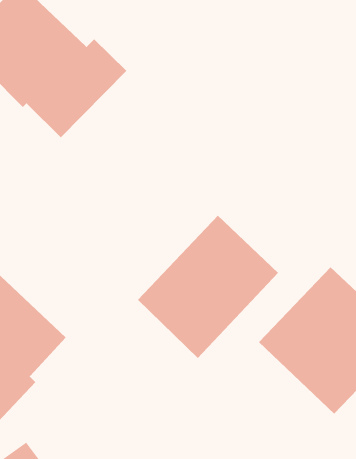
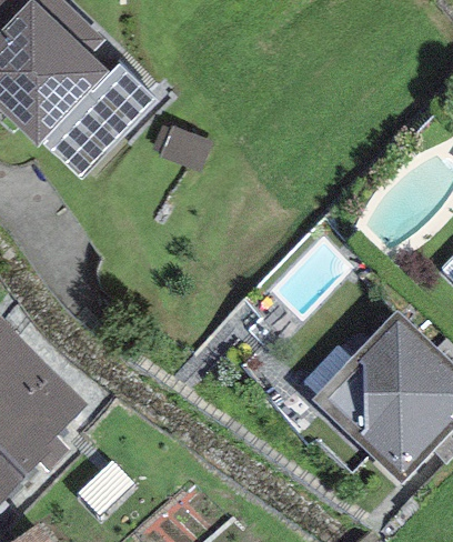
building: [137,215,279,359] -> none

